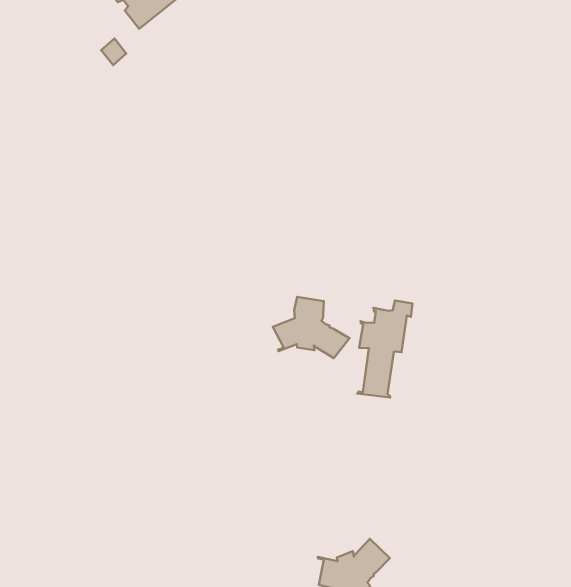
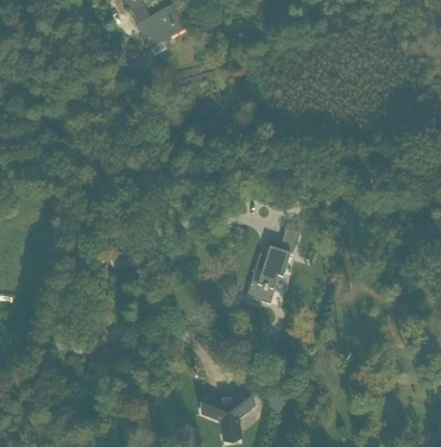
building: [273,297,349,358] -> none

